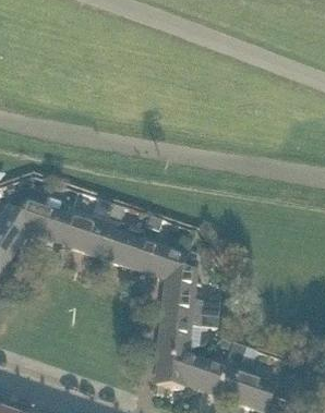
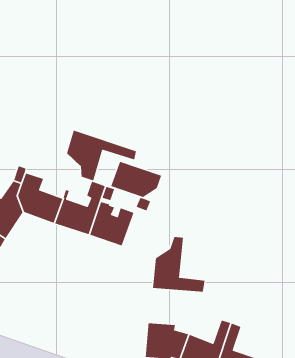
building: none -> [66,130,137,181]
building: [132,239,186,278] -> [110,161,162,198]
building: [159,311,218,349] -> none

